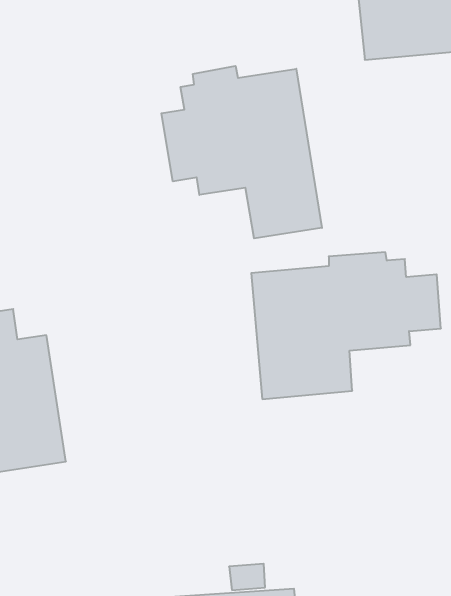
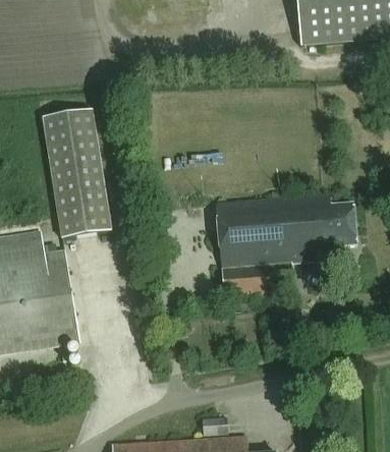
building: [161,66,322,238] -> none
building: none -> [42,108,112,236]

